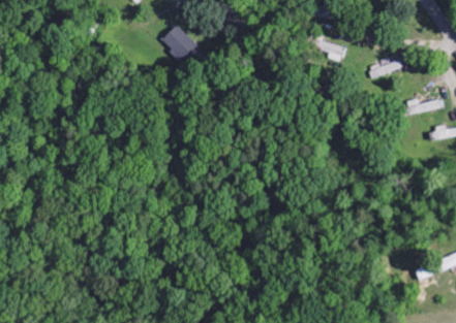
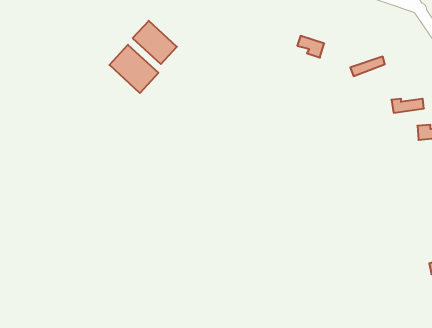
building: none -> [109,45,158,93]

